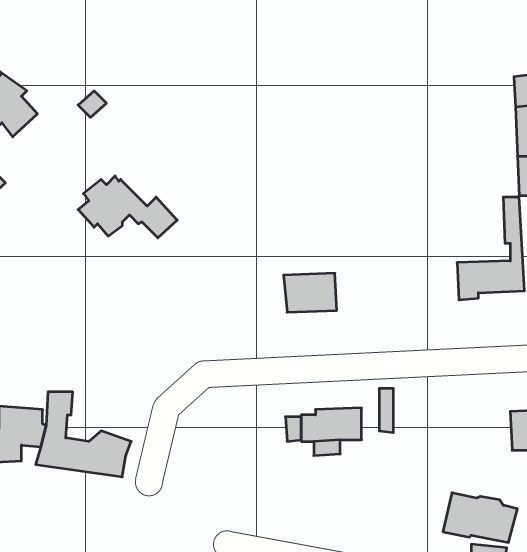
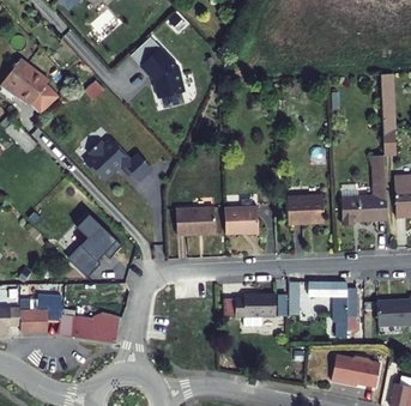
building: none -> [140,46,182,96]
building: none -> [288,193,325,223]
building: none -> [177,207,217,234]
building: none -> [73,222,121,279]
building: none -> [308,283,356,338]

